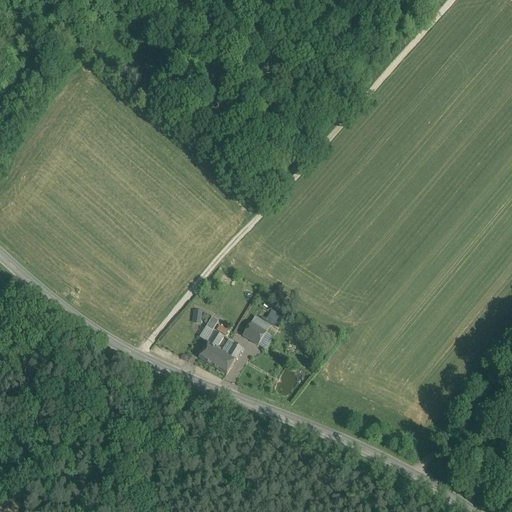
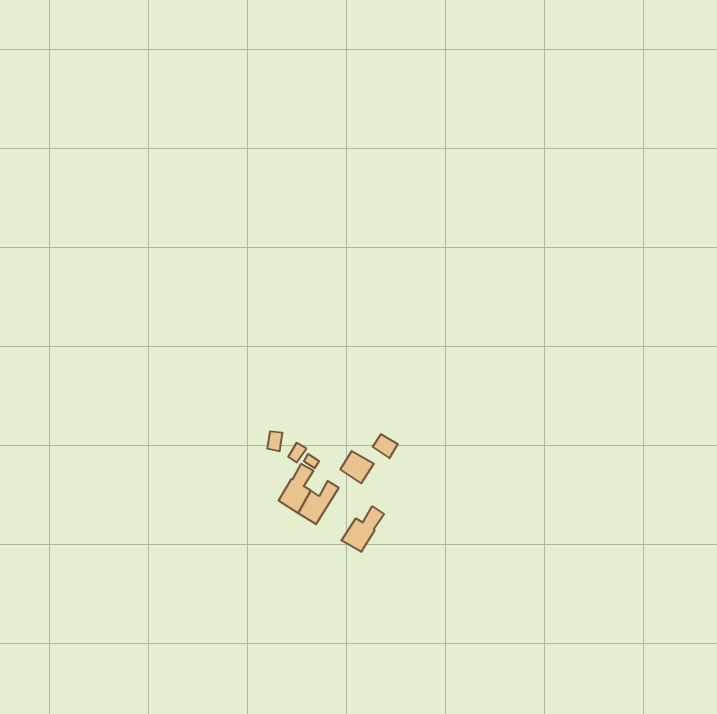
building: none -> [341,506,384,552]

